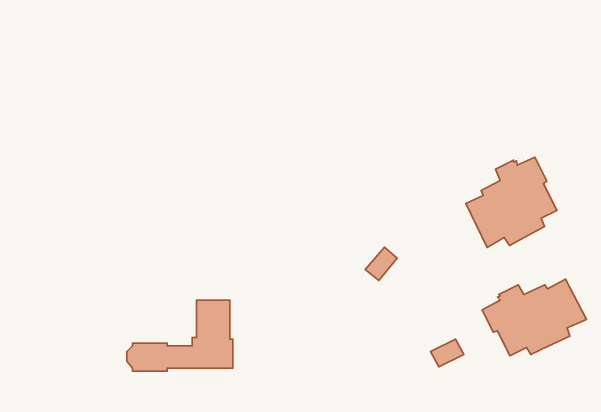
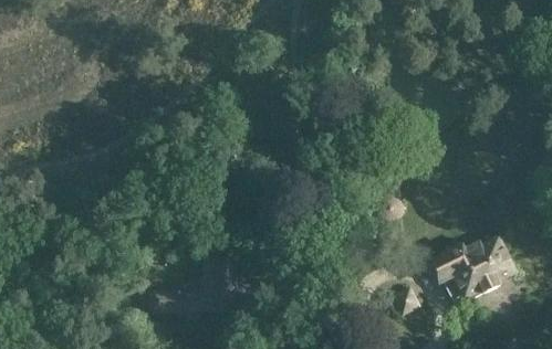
building: [466,157,557,248] -> none

